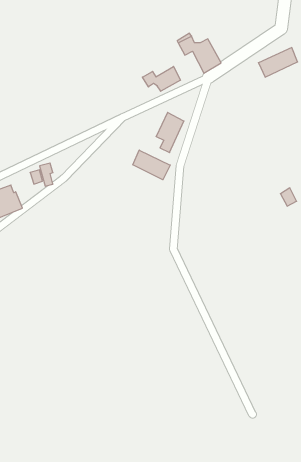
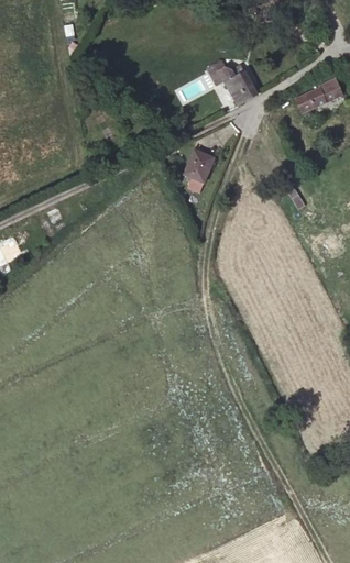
building: [142,66,180,91] -> none
building: [133,150,170,180] -> none

